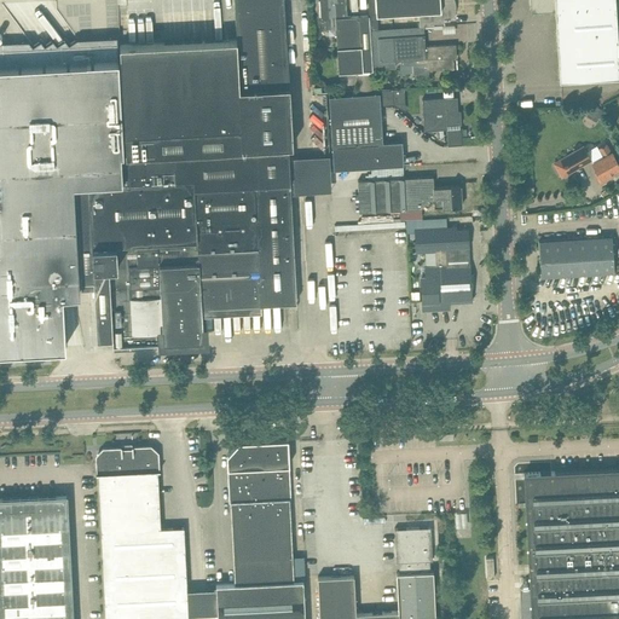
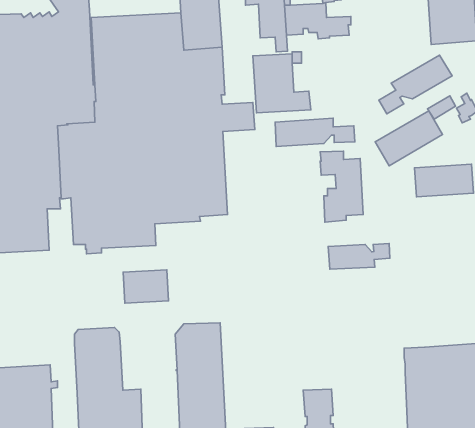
building: none -> [379,55,452,114]
building: [405,100,461,149] -> none
building: none -> [375,111,443,166]
building: none -> [328,243,390,269]
building: none -> [123,270,169,303]

